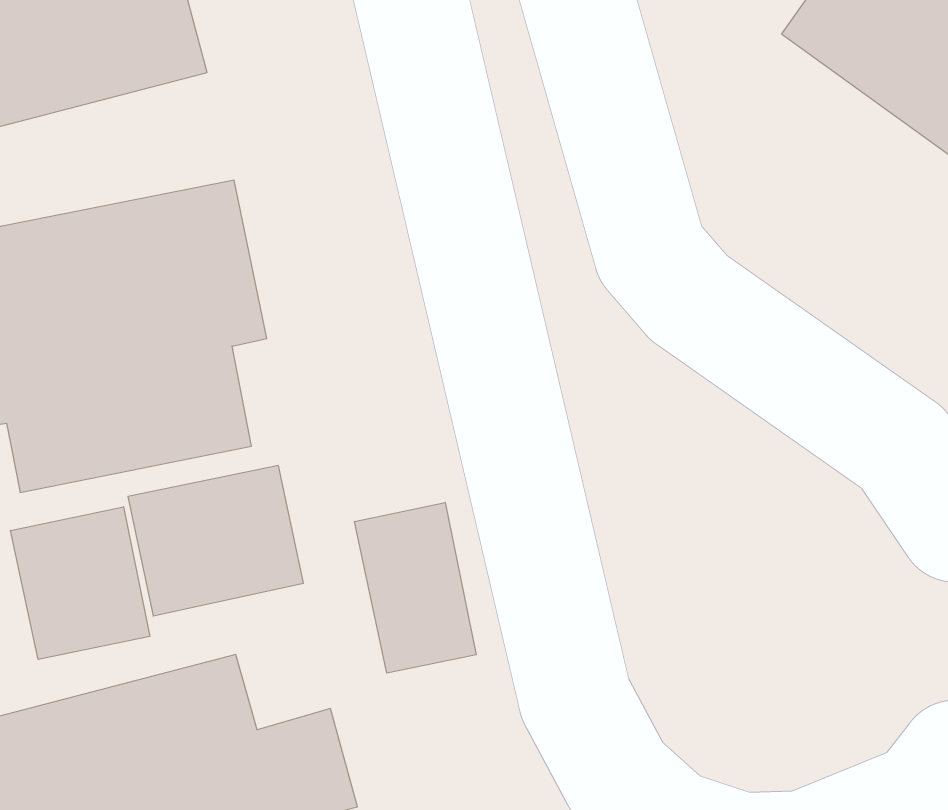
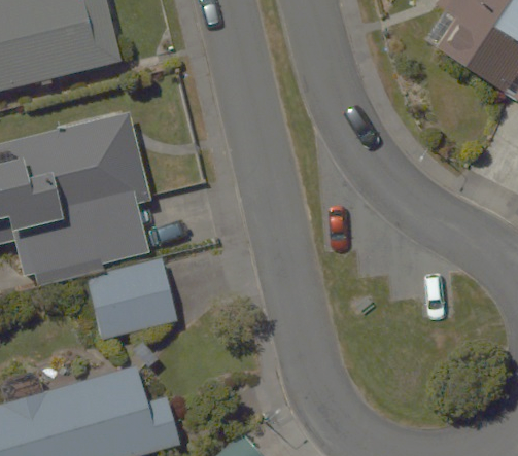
building: [355,502,476,673] -> none
building: [11,507,150,659] -> none

